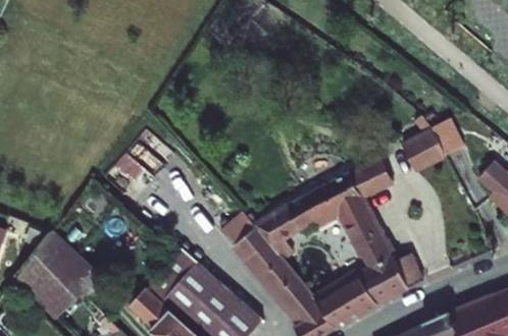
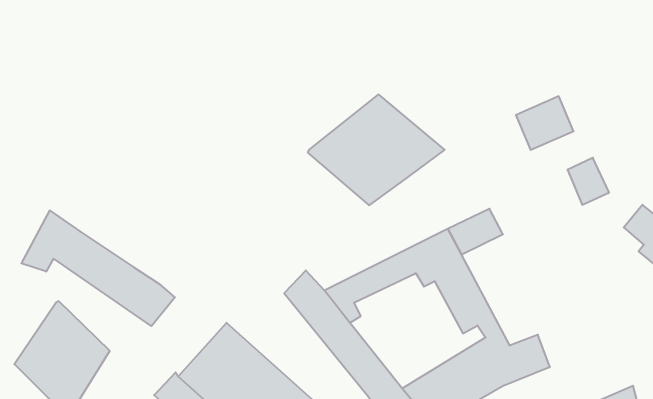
building: none -> [308,94,445,205]
building: [407,132,451,173] -> [516,96,574,150]
building: none -> [21,210,175,326]

